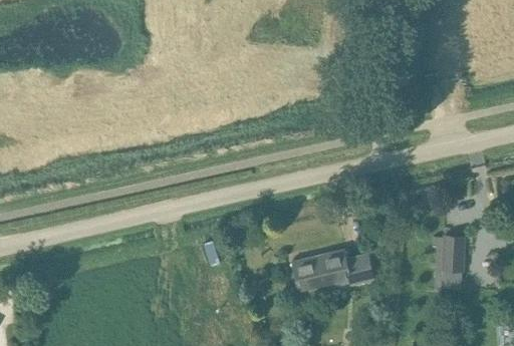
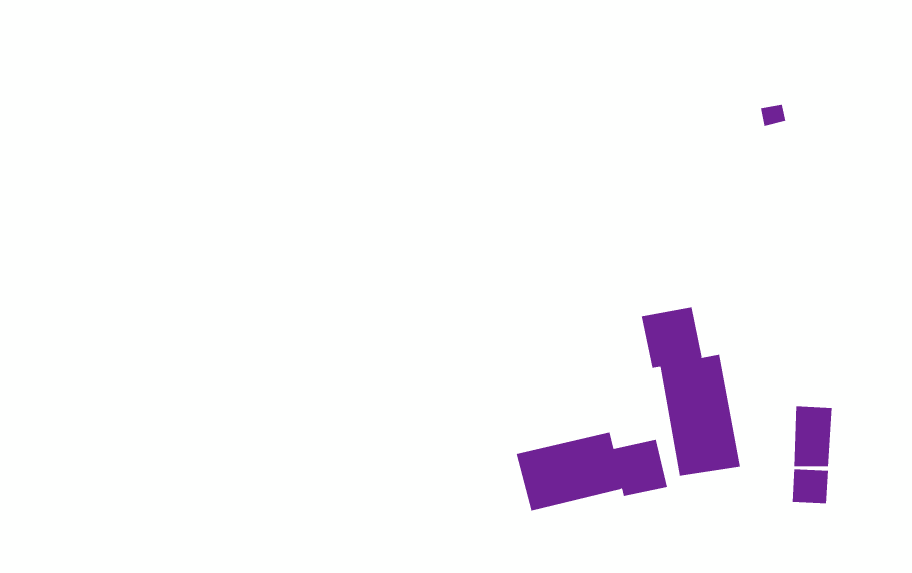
building: none -> [641,306,741,477]

